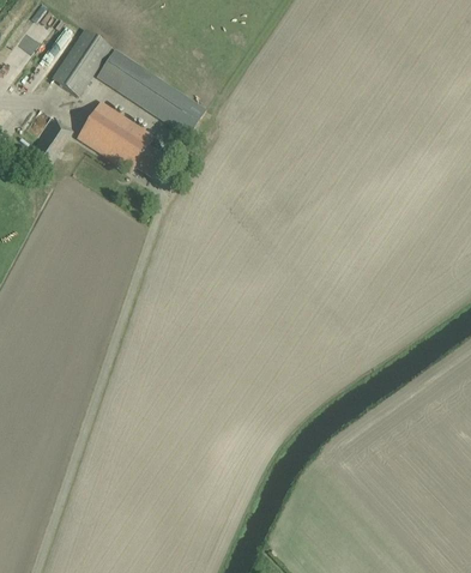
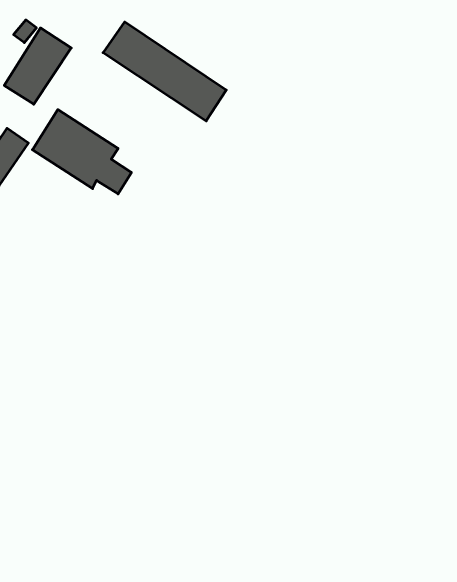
building: [95,48,205,137] -> [103,22,226,121]

